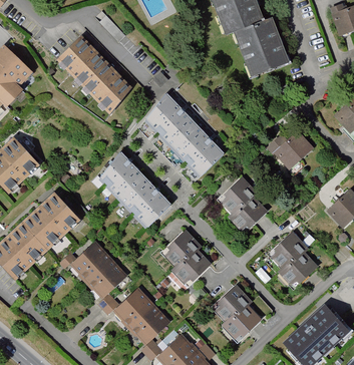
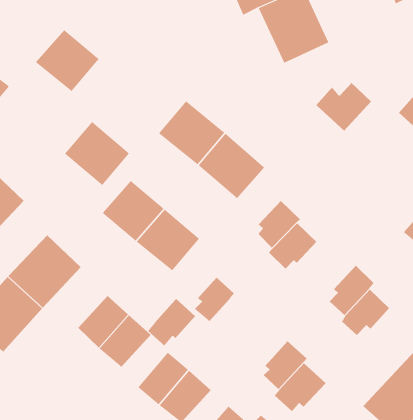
building: [84,60,134,110] -> [64,121,130,186]
building: [265,135,308,172] -> [315,82,372,132]
building: [168,251,207,287] -> [147,298,196,346]

